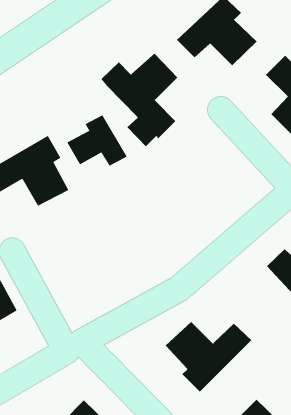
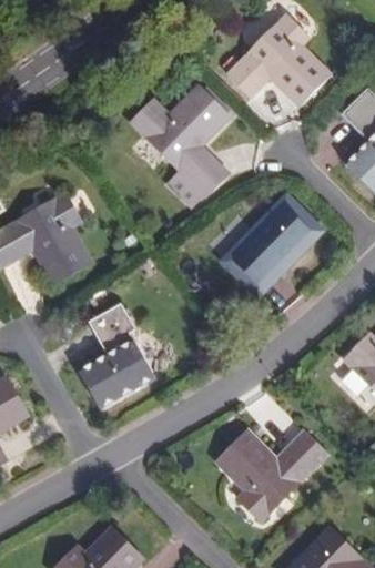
building: [67,115,128,167] -> none
building: none -> [226,197,316,287]
building: none -> [80,301,152,405]

